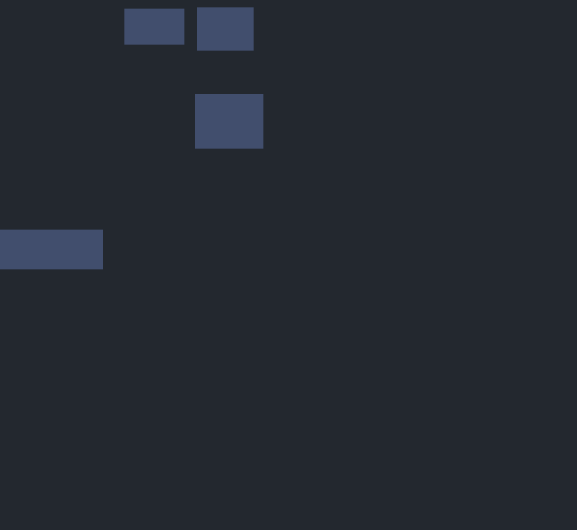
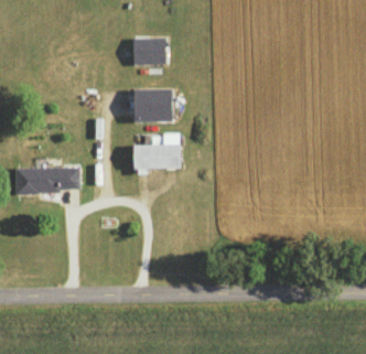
building: [123,8,185,45] -> none
building: none -> [132,133,180,169]

